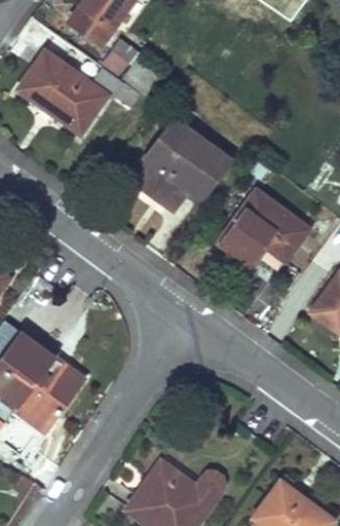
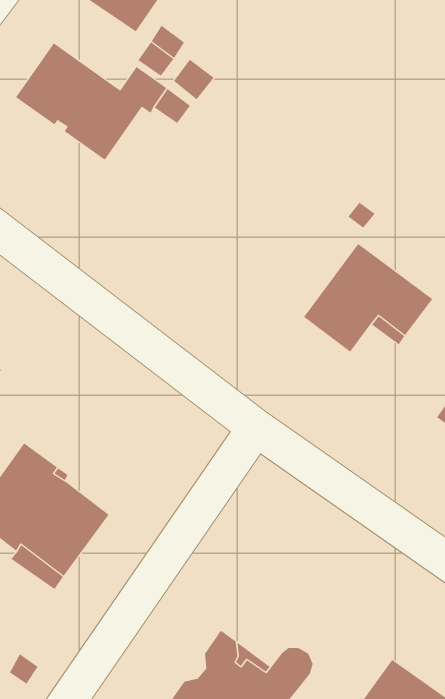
building: [130,120,228,210] -> none

